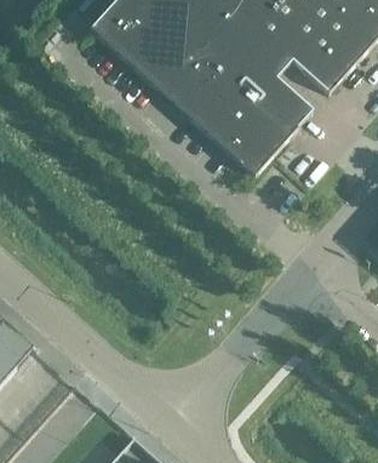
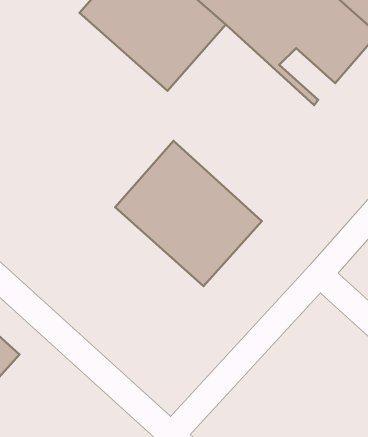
building: [171,39,308,175] -> [115,141,262,286]

